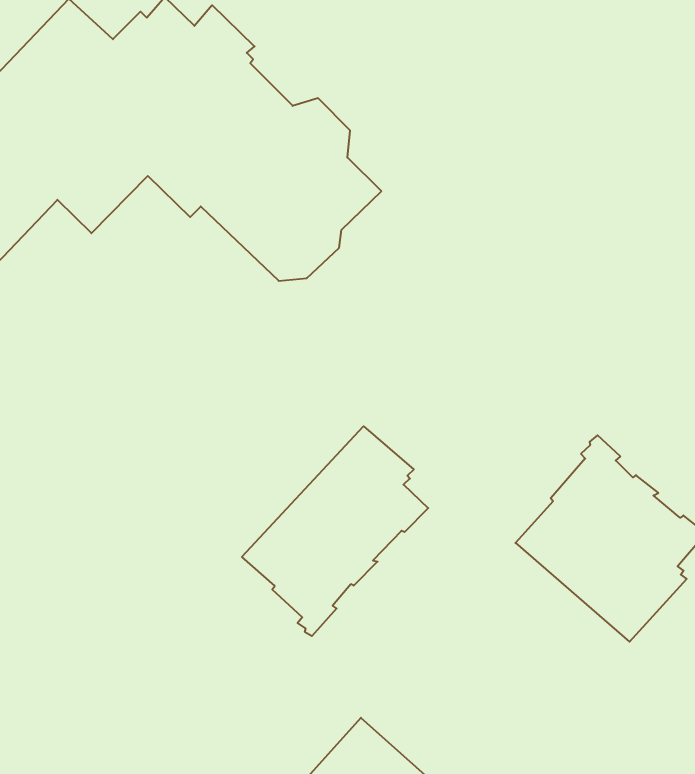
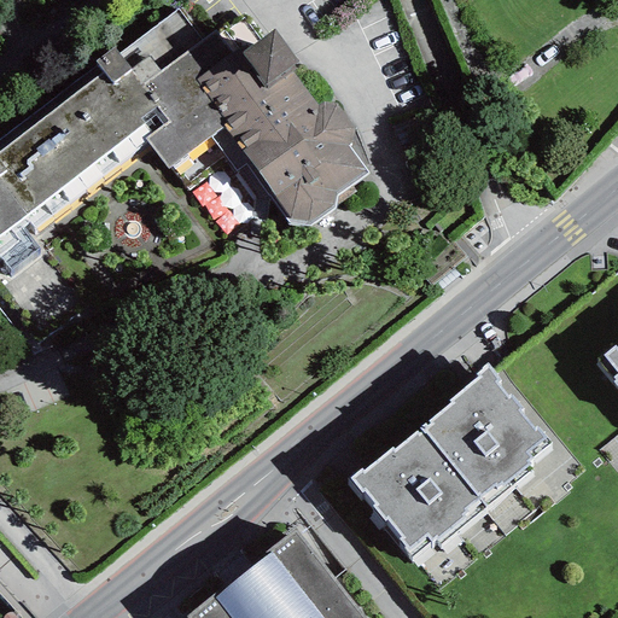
building: [242,426,428,636] -> none
building: none -> [349,427,486,558]

